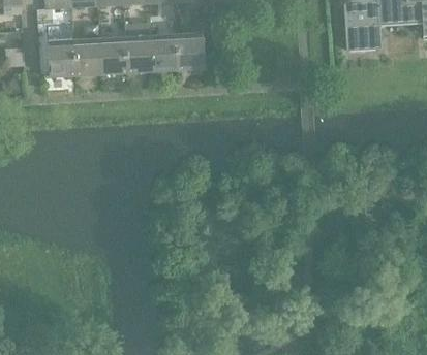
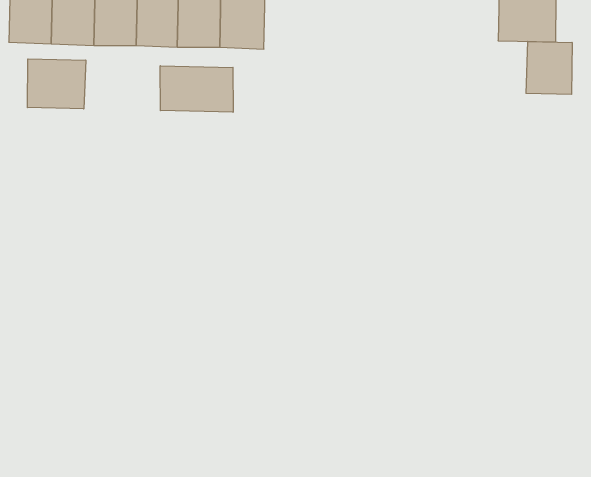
building: none -> [526,41,572,94]
building: none -> [160,66,233,112]
building: none -> [27,59,86,109]

